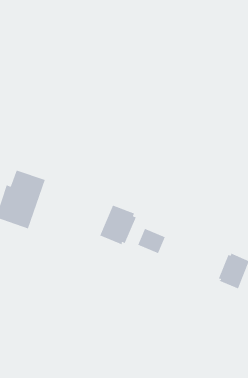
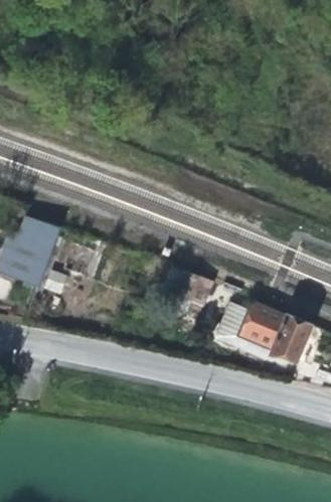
building: [99,205,137,245] -> none
building: none -> [215,303,283,357]

